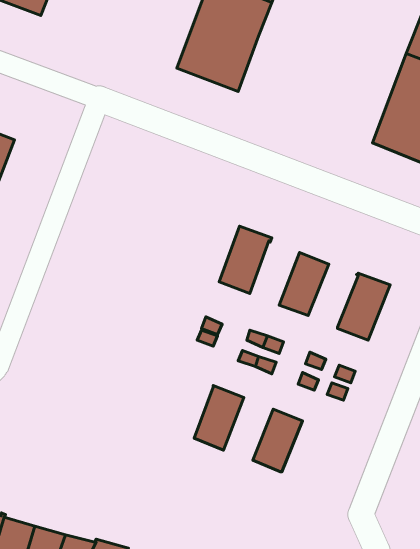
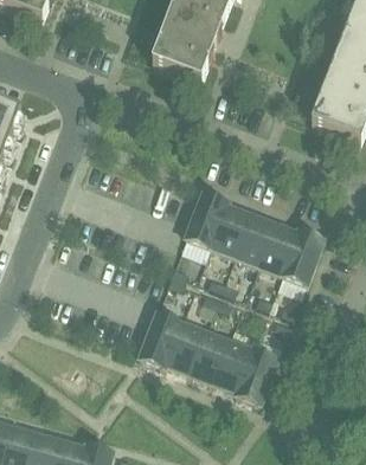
building: none -> [208,199,249,251]
building: none -> [256,218,296,269]
building: none -> [137,308,179,362]
building: none -> [187,325,227,376]
building: none -> [232,344,276,398]

